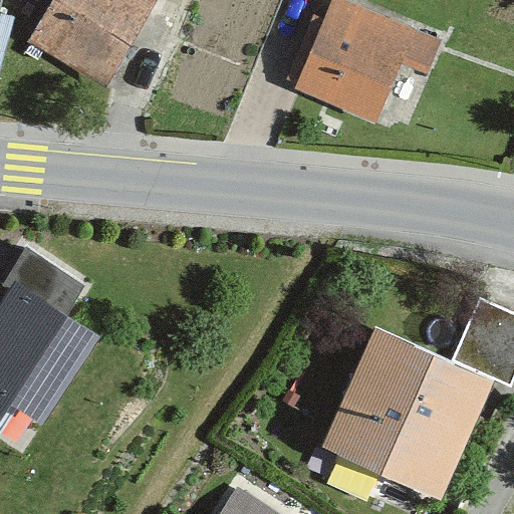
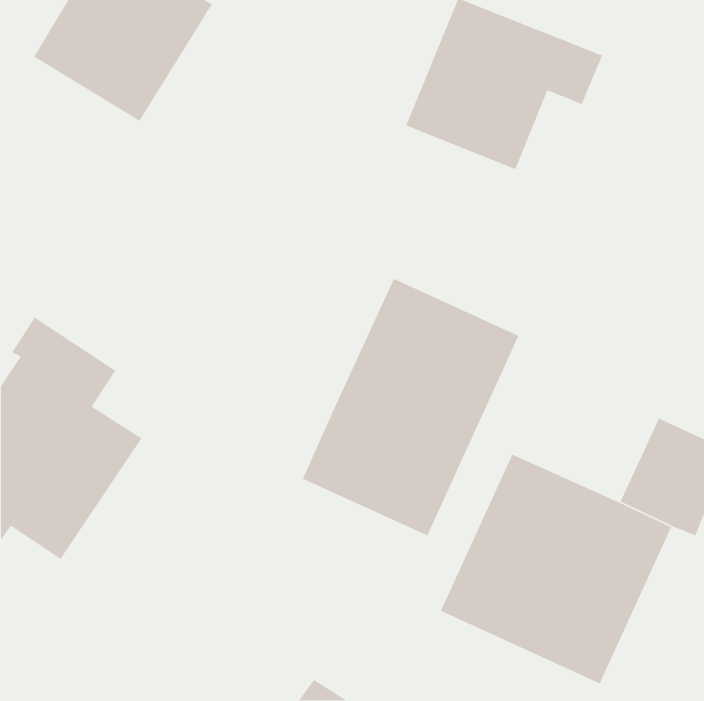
building: none -> [302,278,520,537]

